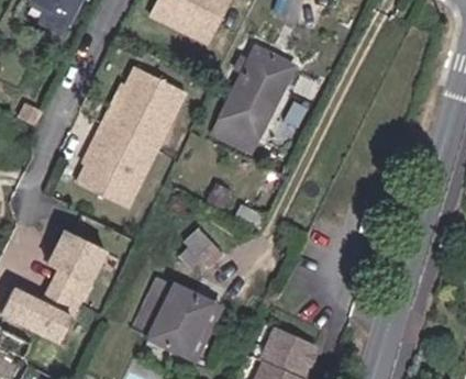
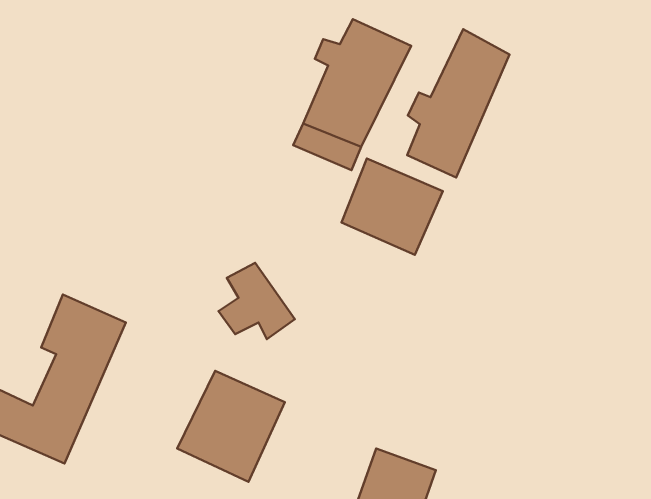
building: none -> [407,29,510,178]
building: [76,75,176,209] -> none
building: none -> [342,159,443,255]

